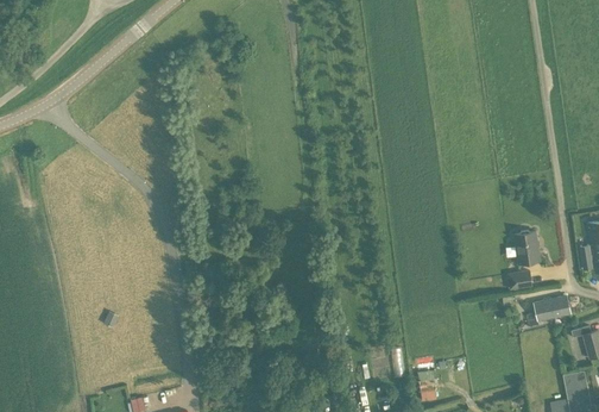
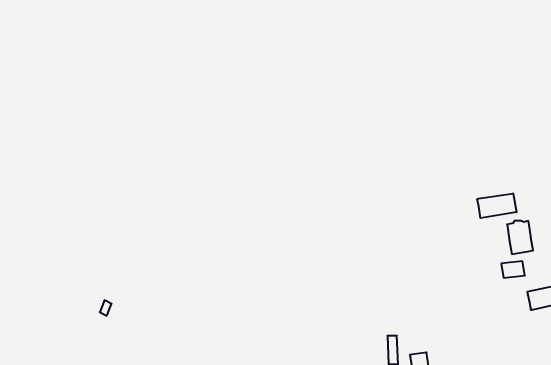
building: none -> [477,193,516,218]

